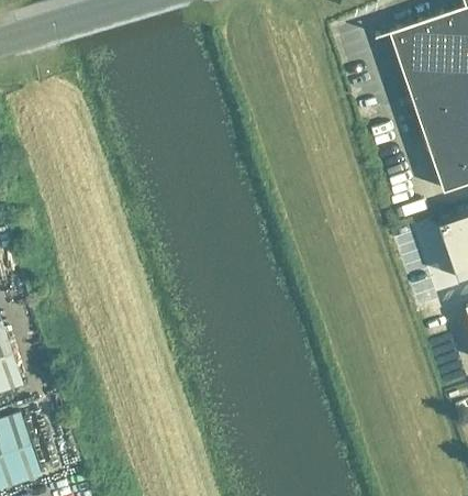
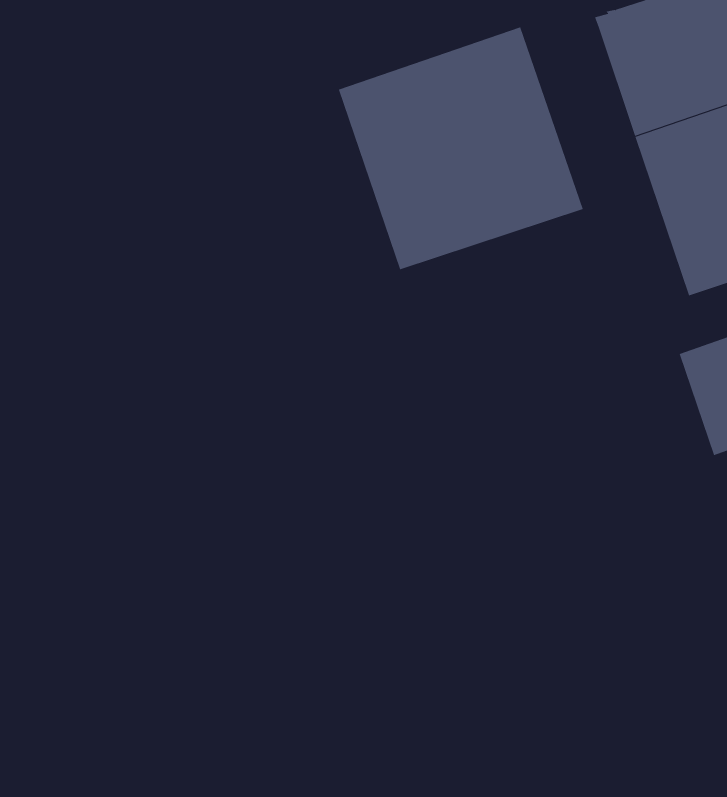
building: none -> [338,27,584,270]

